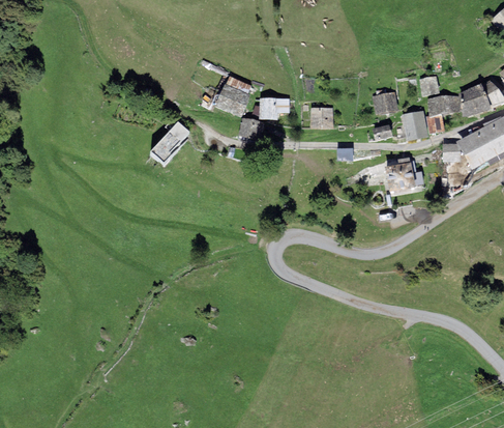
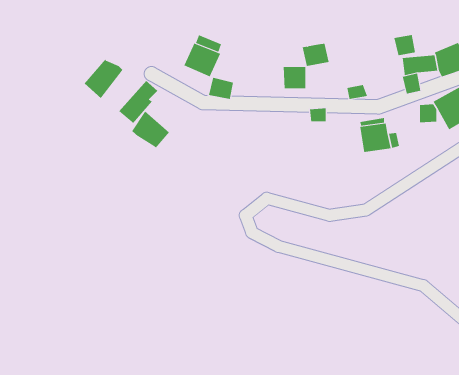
building: [372,91,398,114] -> [302,43,330,66]
building: [260,97,289,119] -> none
building: none -> [84,59,123,99]
building: [402,110,428,140] -> none
building: none -> [132,110,170,149]

